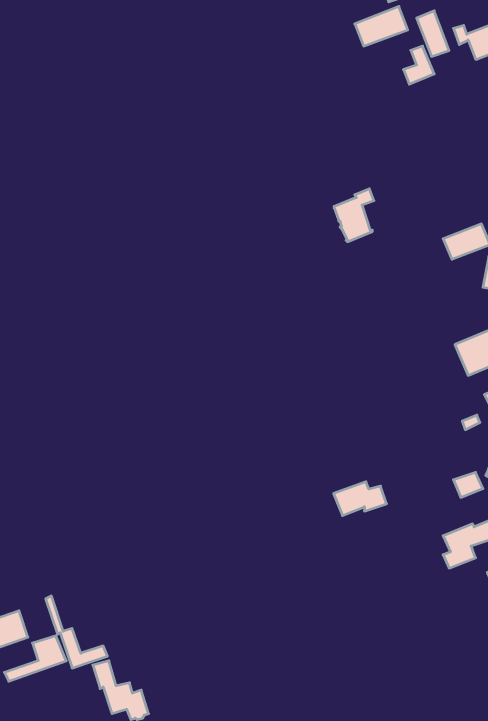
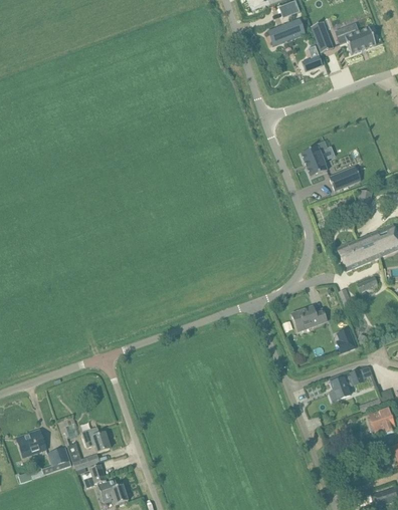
building: [334,189,374,242] -> [301,141,328,177]
building: [334,482,387,516] -> [290,305,327,328]
building: none -> [81,426,110,452]

